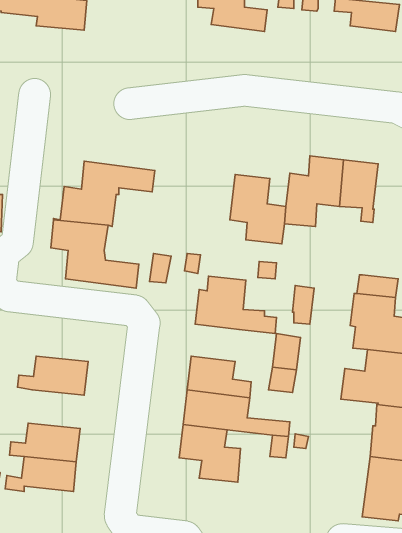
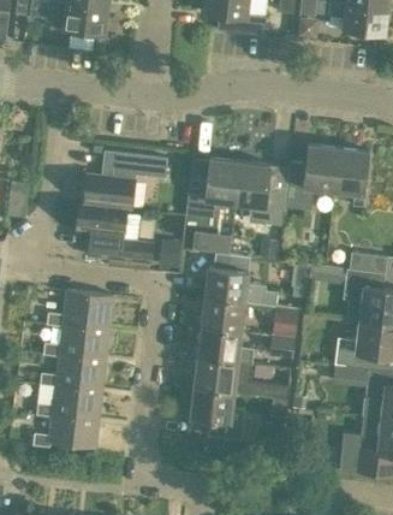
building: none -> [186,159,240,219]
building: none -> [48,291,112,332]
building: none -> [201,298,244,332]
building: none -> [41,357,105,392]

